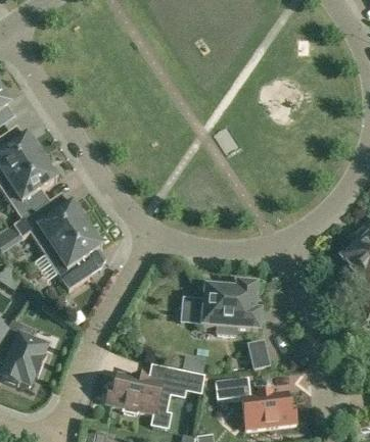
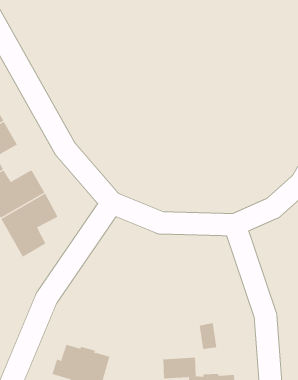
building: [194,284,260,333] -> none
building: [168,366,205,388] -> none

